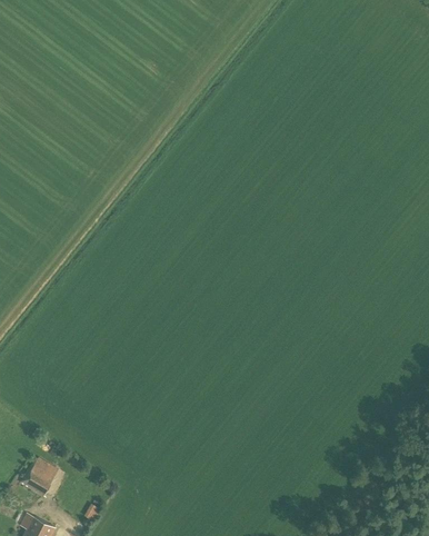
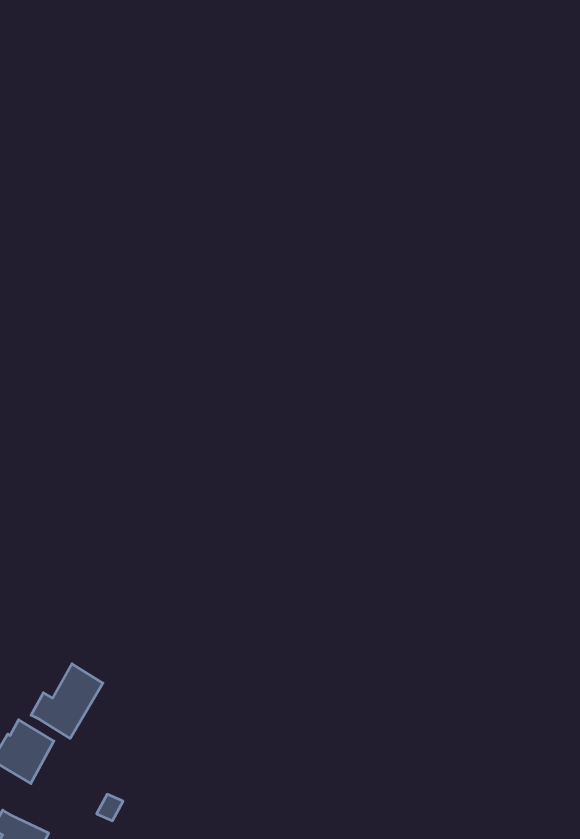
building: none -> [31,664,103,738]

